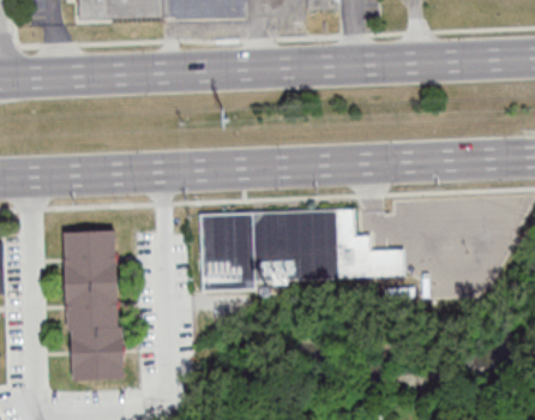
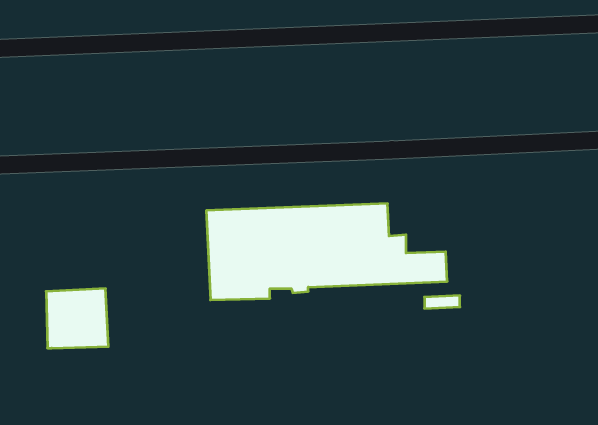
building: [61,230,114,282] -> none
building: [68,329,121,379] -> none

